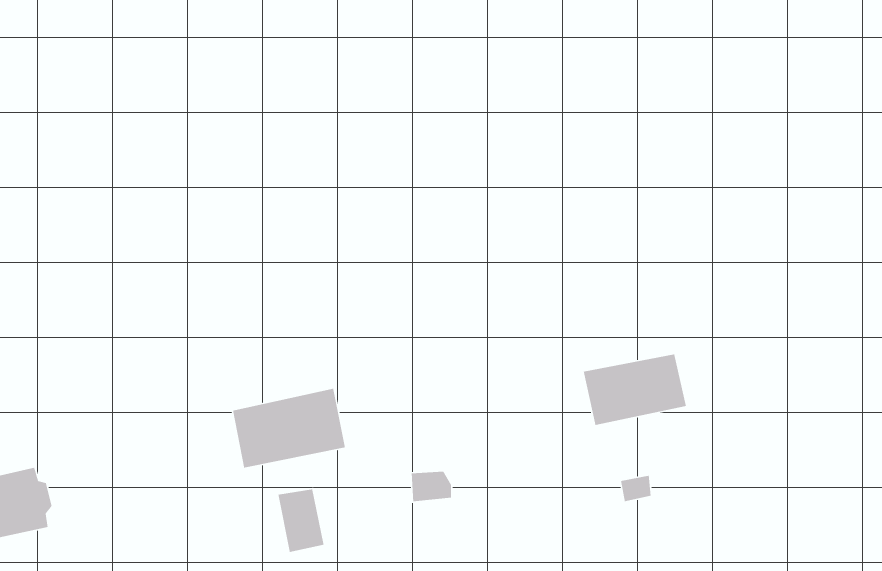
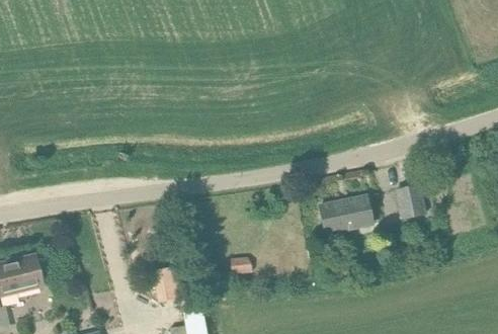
building: none -> [396,184,424,217]
building: [232,388,346,468] -> none

